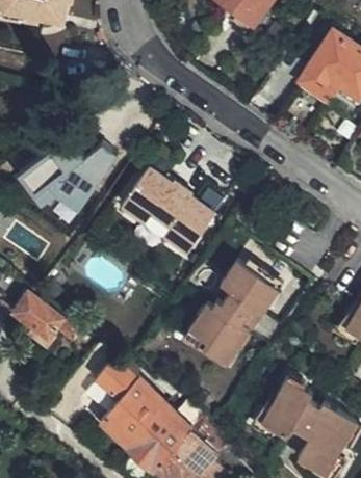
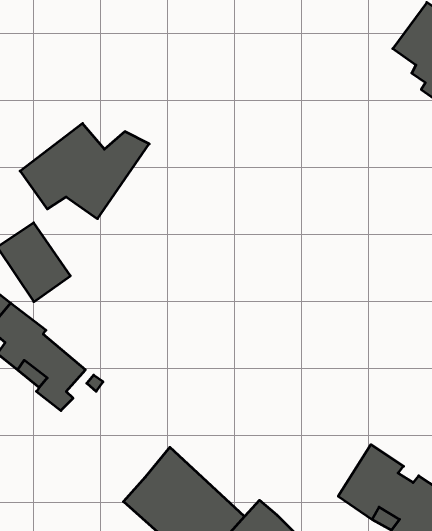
building: [121,162,216,249] -> none
building: [189,262,281,366] -> none
building: [87,357,140,403] -> none

